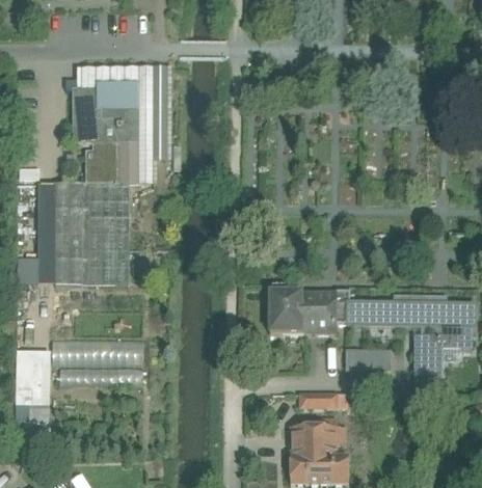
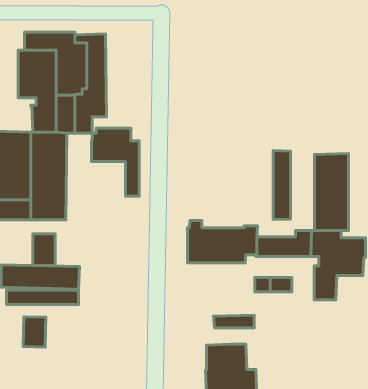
building: none -> [91,128,139,196]
building: none -> [273,151,291,220]
building: none -> [315,153,349,231]
building: none -> [33,234,55,266]
building: none -> [23,317,46,347]

